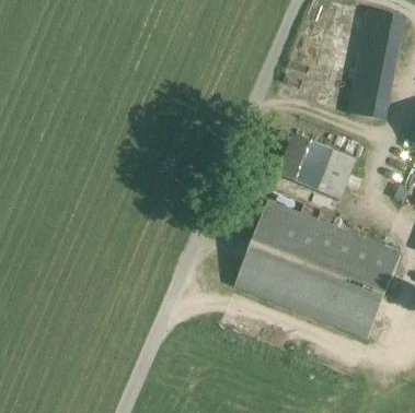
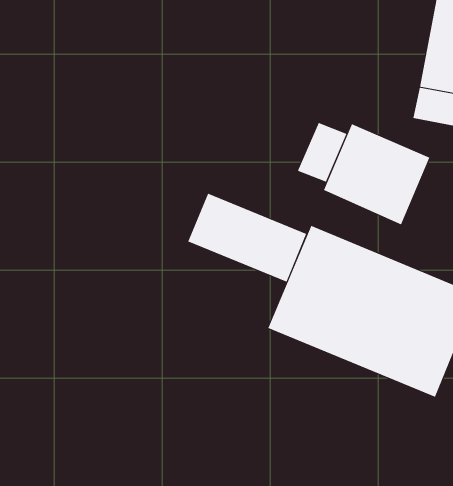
building: none -> [297,122,347,182]
building: none -> [188,193,307,282]

